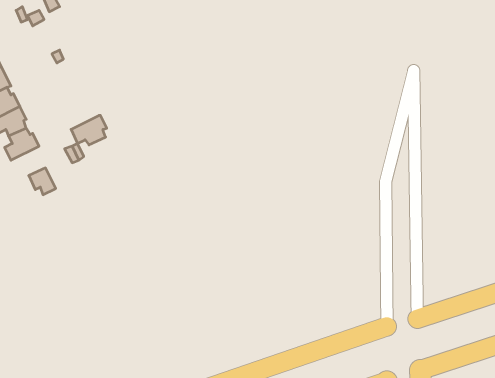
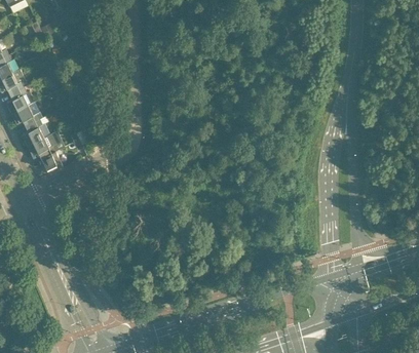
building: [71,115,107,145] -> [27,134,55,158]

